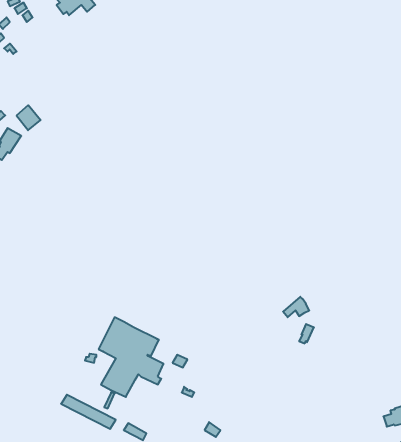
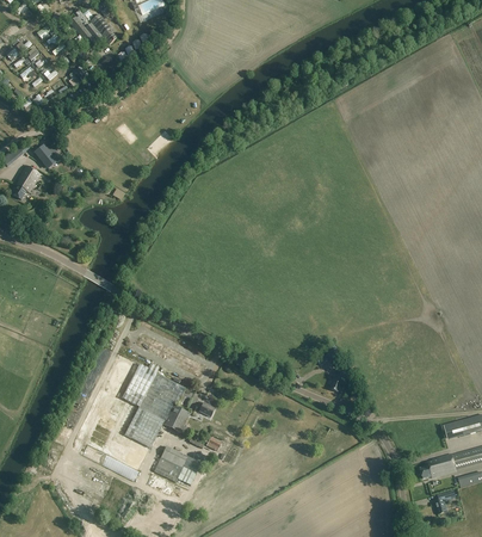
building: none -> [154,446,186,476]

